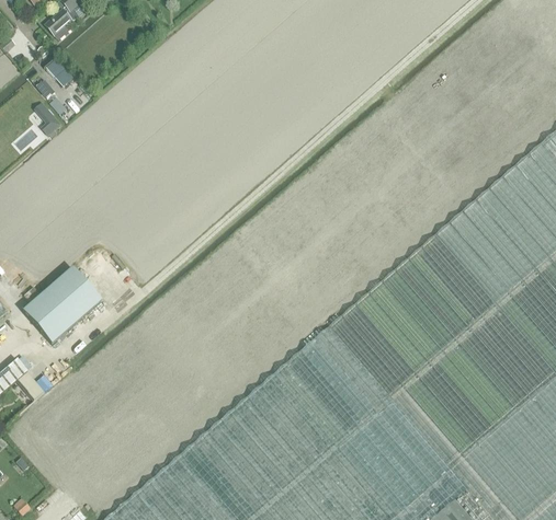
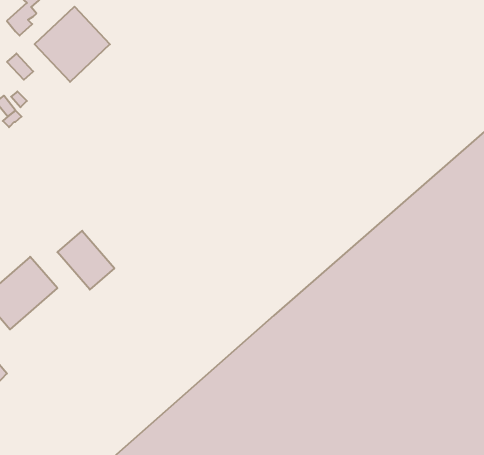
building: none -> [35,7,110,82]
building: none -> [57,231,114,290]

